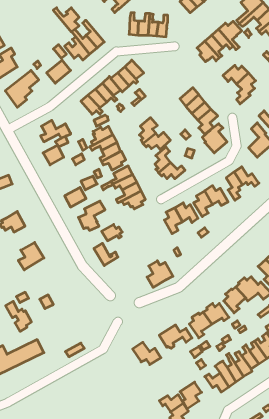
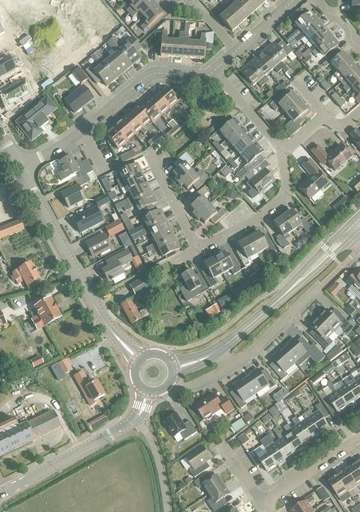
building: [53,8,79,32] -> [110,35,140,63]
building: none -> [72,205,102,231]
building: [147,261,173,287] -> [178,269,208,300]
building: [6,301,31,331] -> [73,369,103,404]
building: [180,382,202,409] -> [186,445,211,476]

